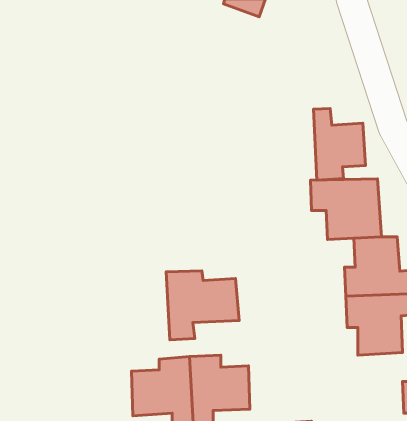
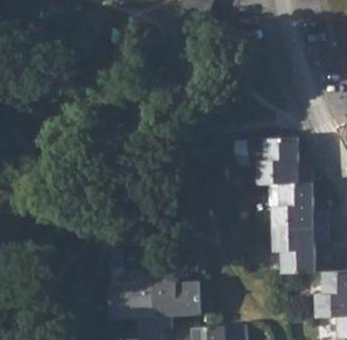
building: [313,109,366,180] -> none
building: [166,271,239,340] -> none

